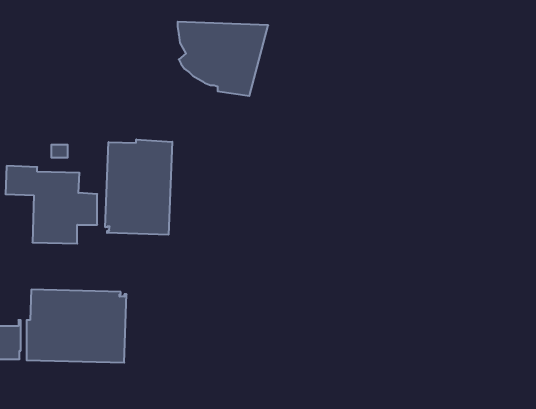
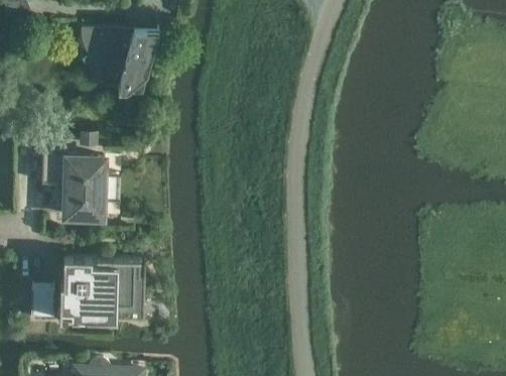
building: [178,22,268,96] -> [81,29,158,93]
building: [105,139,172,235] -> none

